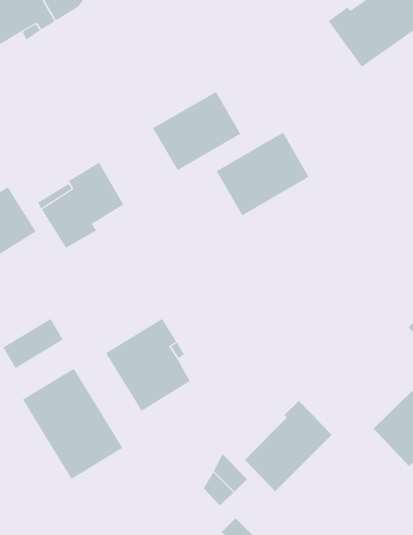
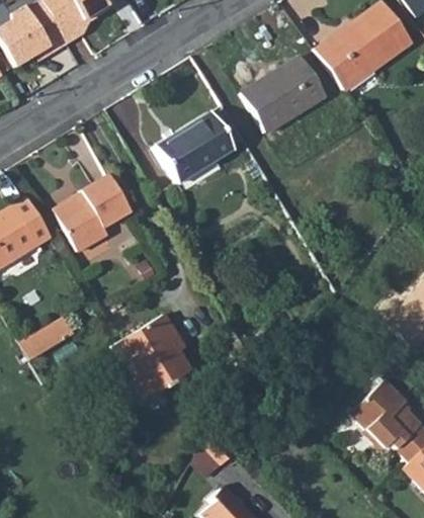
building: [216,132,309,216] -> [243,55,327,131]
building: [22,368,123,480] -> none
building: [244,400,333,492] -> none

